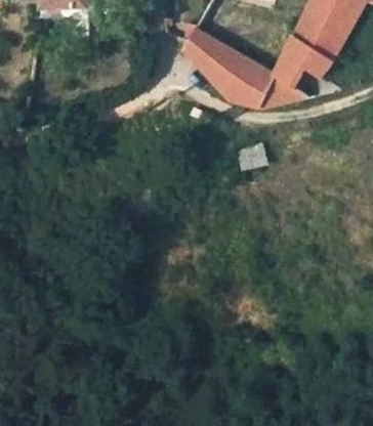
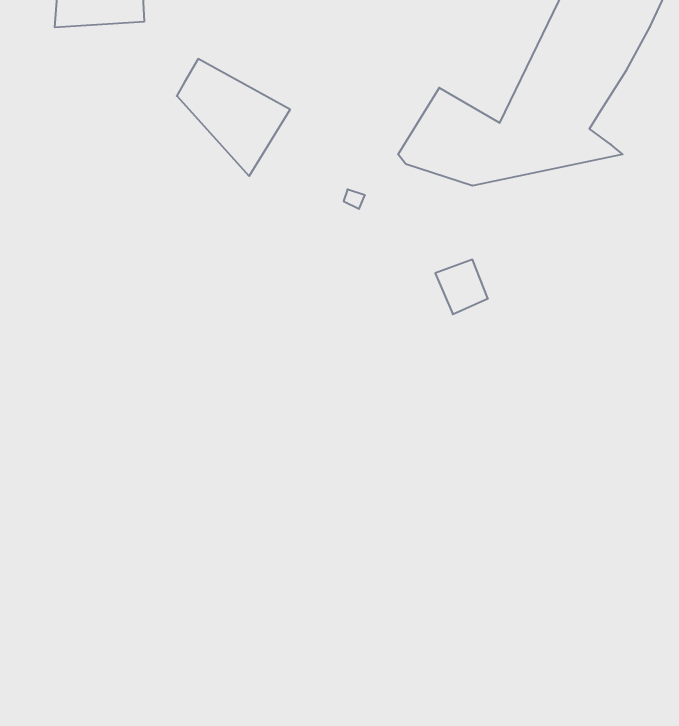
building: [182,28,242,89] -> [177,59,290,176]

